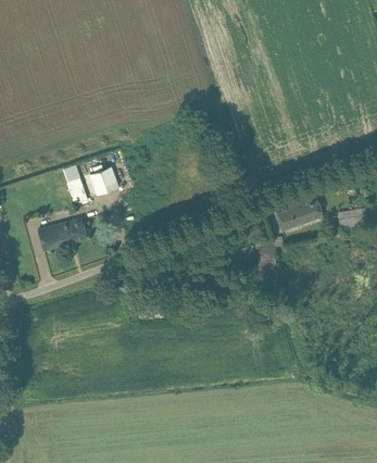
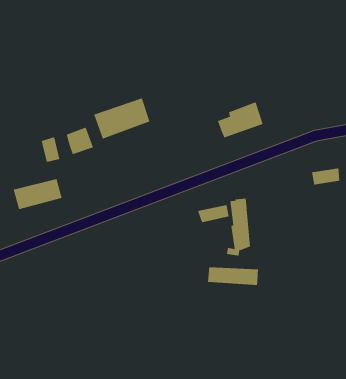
building: none -> [94,97,150,140]
building: [276,193,323,230] -> [217,101,264,138]
building: none -> [208,267,259,286]

